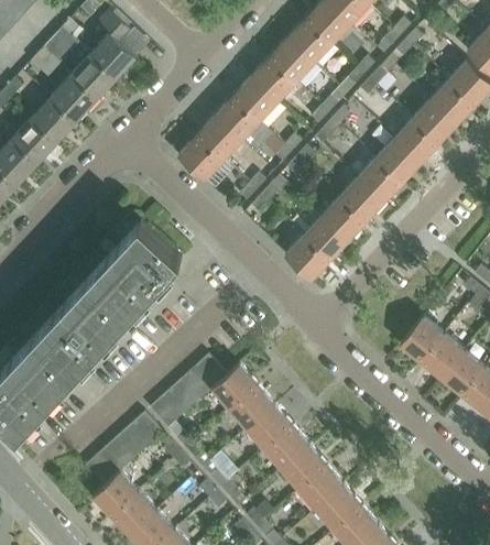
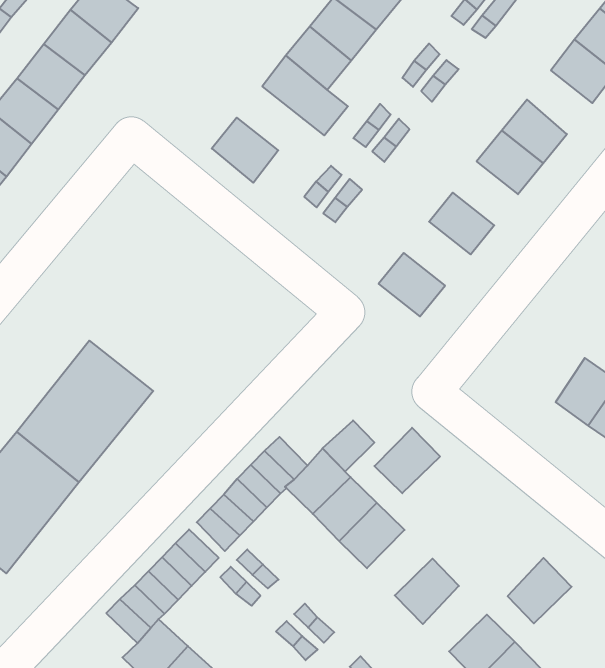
building: [197,116,242,160] -> none
building: [395,119,439,163] -> none
building: [340,177,384,221] -> none
building: [304,216,349,260] -> none
building: [86,221,182,317] -> none
building: none -> [322,420,374,472]
building: [263,424,308,468] -> [374,428,440,493]
building: [298,465,342,509] -> [508,558,572,623]

